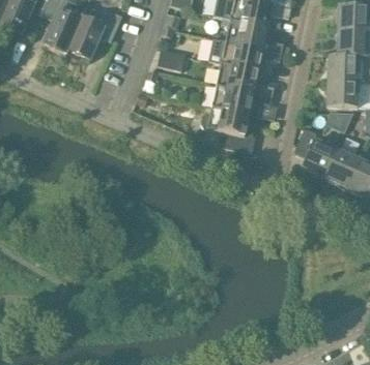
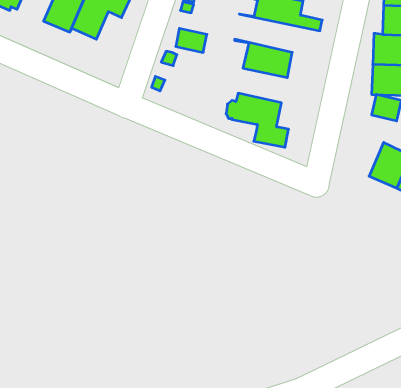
building: [208,37,282,70] -> none
building: [211,84,254,114] -> none
building: [294,127,337,177] -> none

